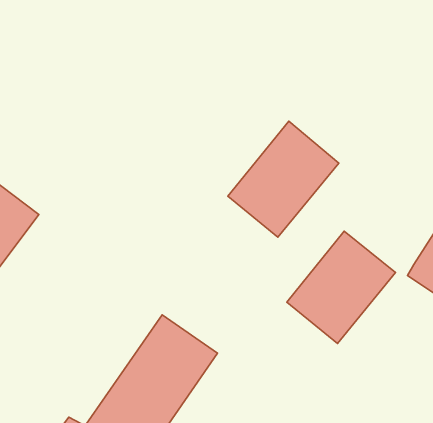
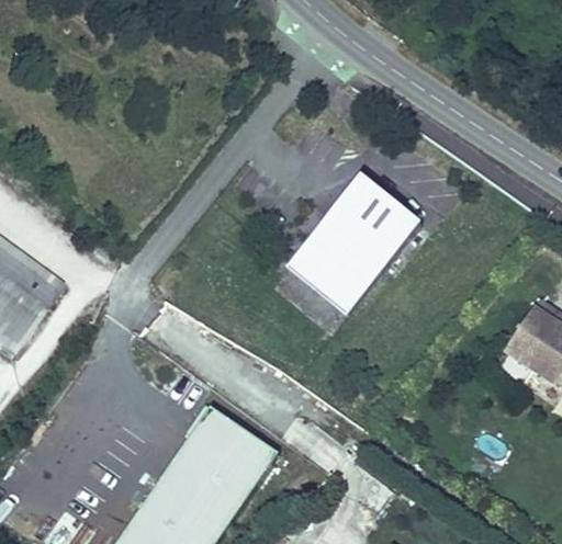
building: [287,231,396,344] -> none

